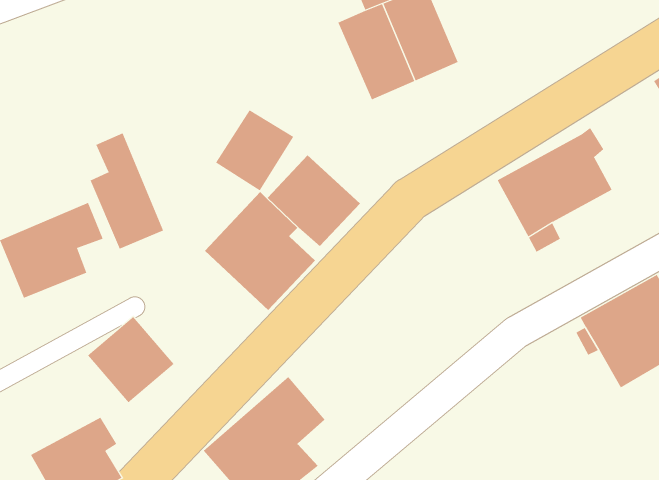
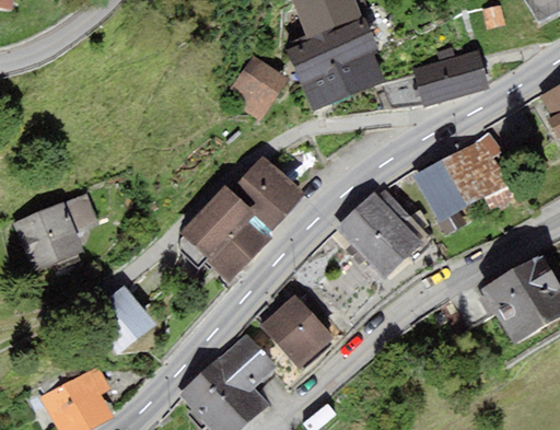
building: none -> [412,49,489,107]
building: [215,110,294,191] -> [225,55,289,120]
building: [90,133,164,249] -> none
building: none -> [335,189,429,278]
building: none -> [260,294,335,369]

